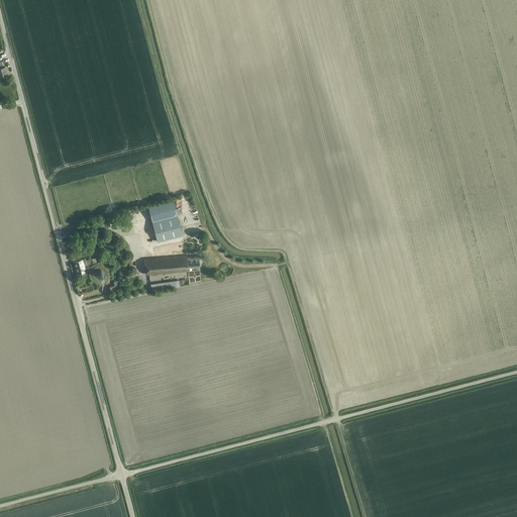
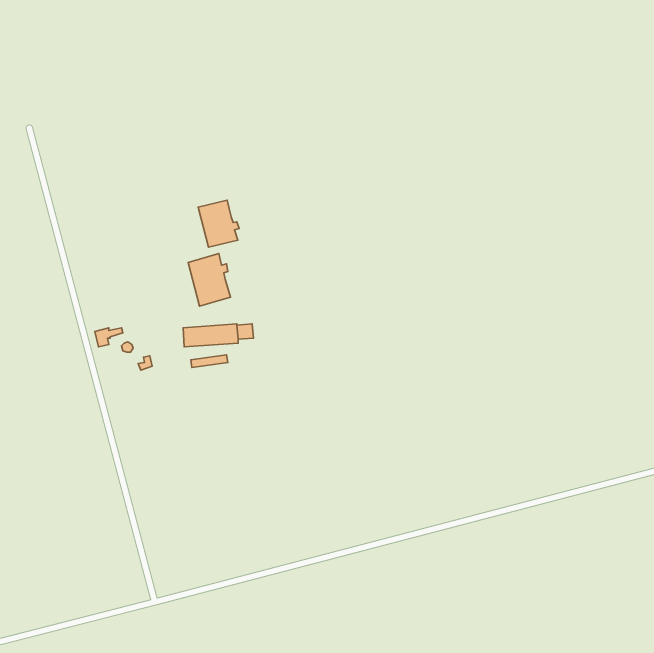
building: none -> [198,200,239,247]

